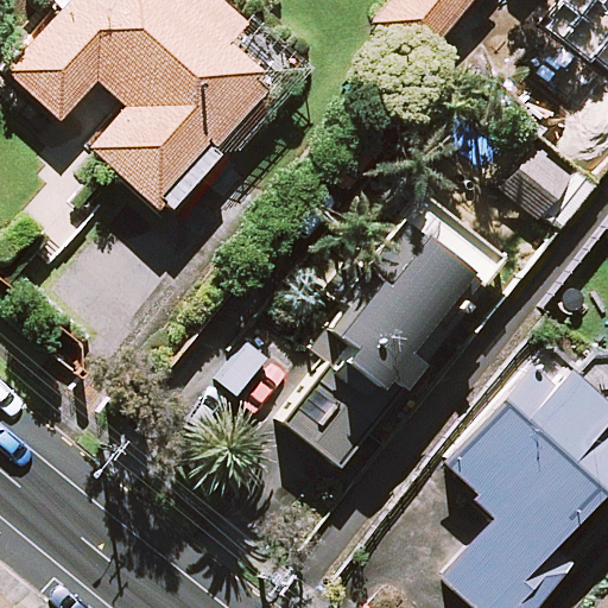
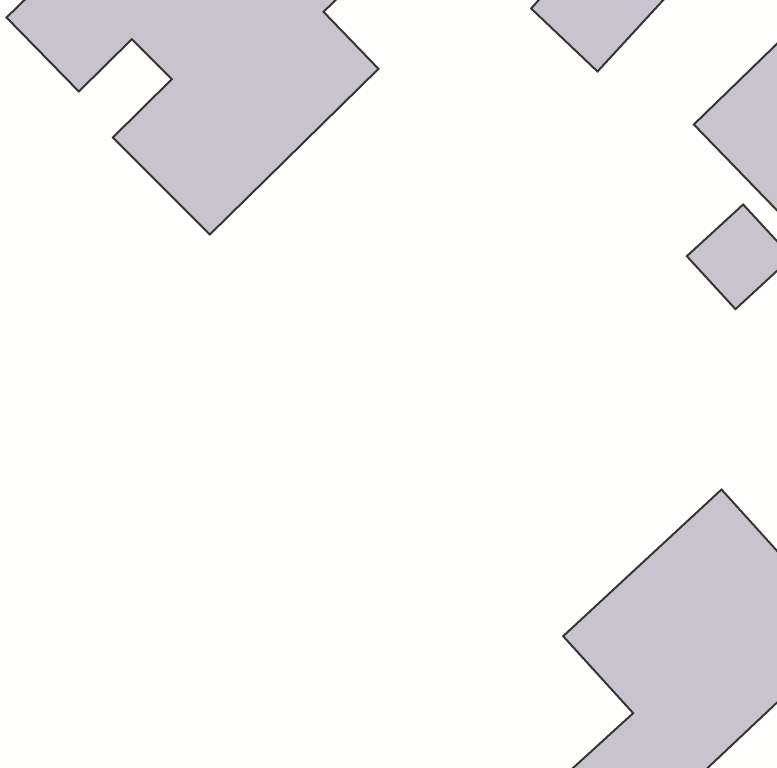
building: [285,216,492,466] -> none

